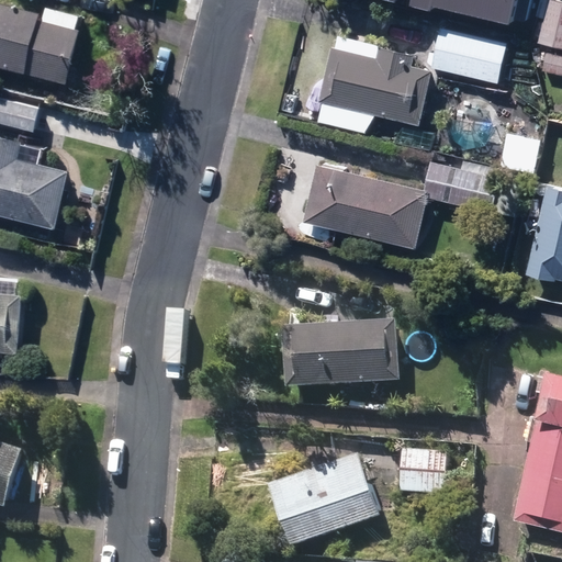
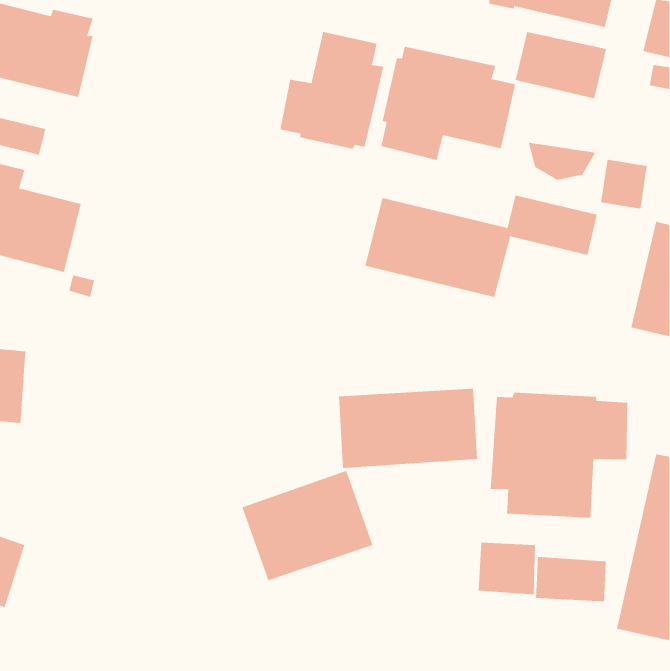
building: none -> [280,31,384,150]
building: none -> [490,392,628,519]
building: [269,457,379,549] -> [242,470,373,581]
building: none -> [536,556,606,602]

